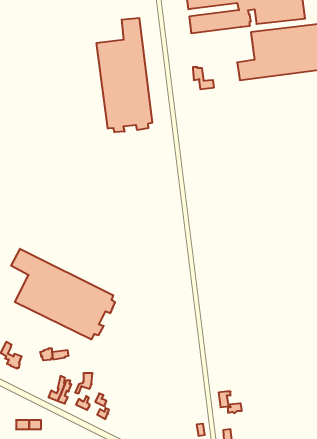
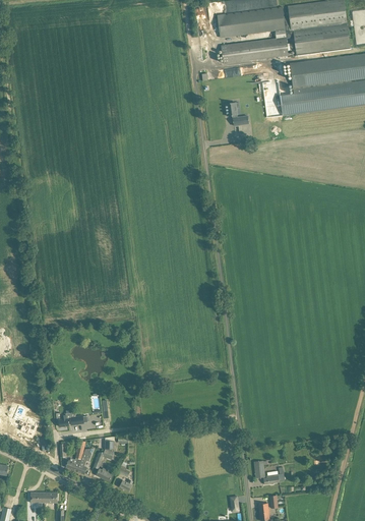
building: [97,18,152,132] -> none
building: [11,249,115,339] -> none

